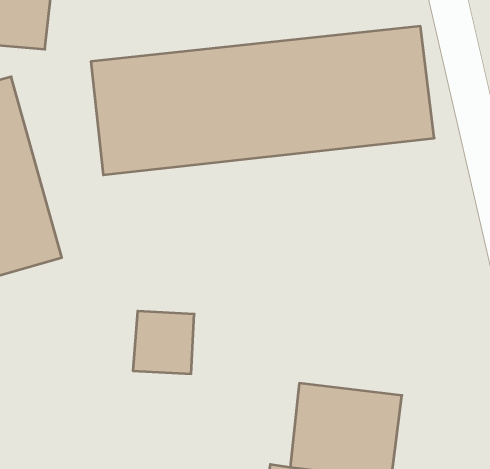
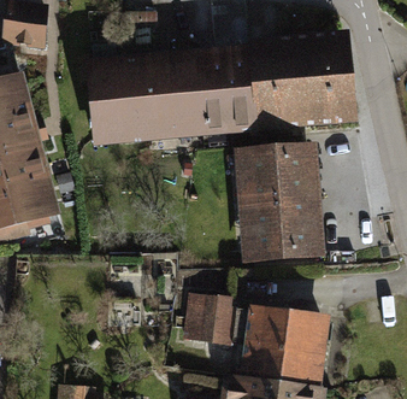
building: none -> [230,140,329,262]
building: [133,311,194,374] -> [185,294,234,344]

